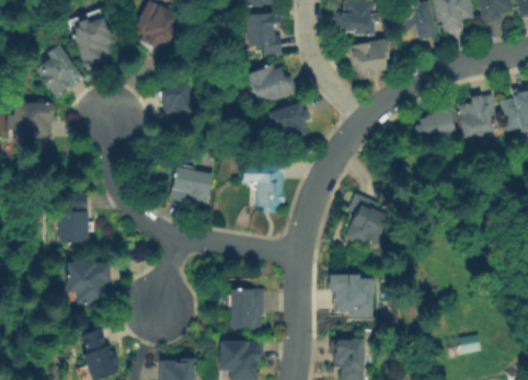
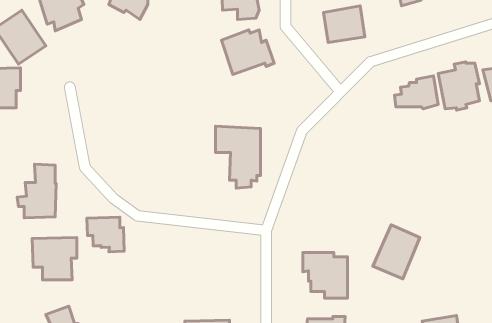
building: [162,77,200,126] -> none
building: [268,100,311,145] -> none
building: [169,162,216,205] -> none
building: [338,199,383,251] -> [373,225,420,279]
building: none -> [87,217,124,252]
building: [227,287,265,331] -> none

